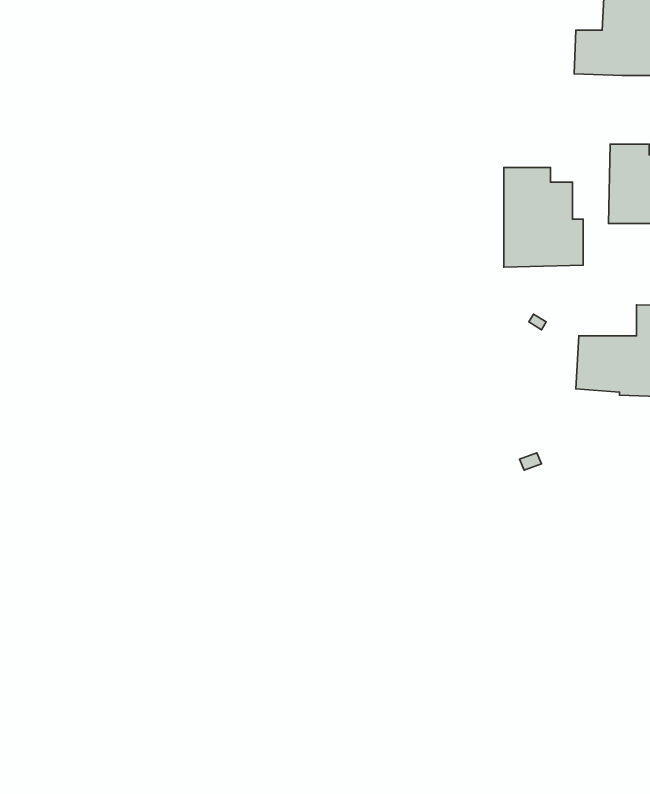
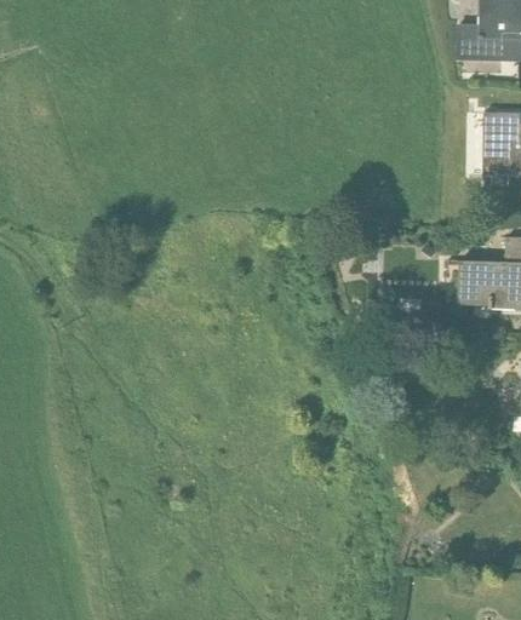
building: [504,167,583,267] -> none

